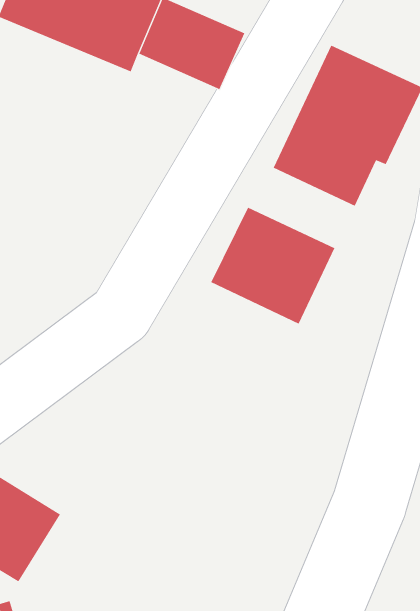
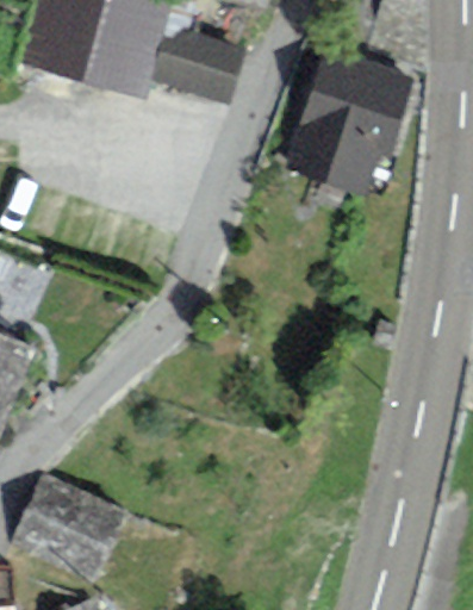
building: [210,207,335,325] -> none

